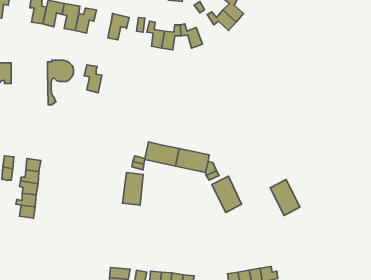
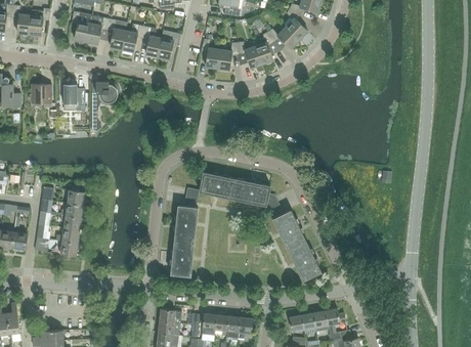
building: none -> [253,32,273,64]
building: none -> [60,83,84,112]
building: [84,65,102,93] -> [141,27,161,57]
building: [270,179,300,216] -> [287,241,319,280]
building: none -> [170,240,192,275]

